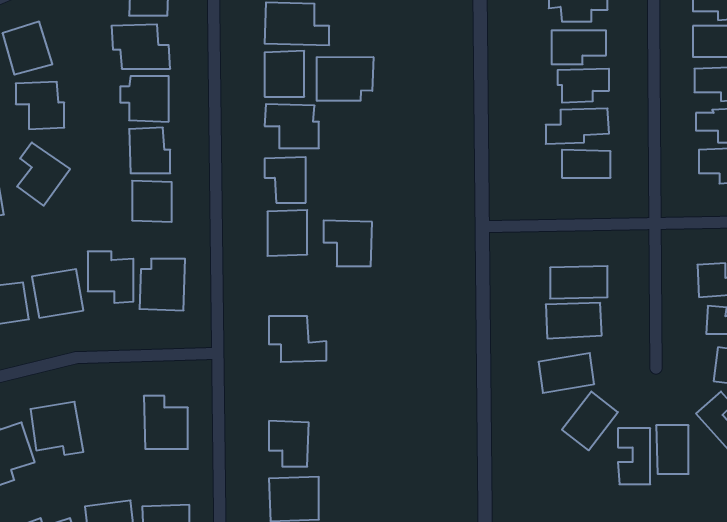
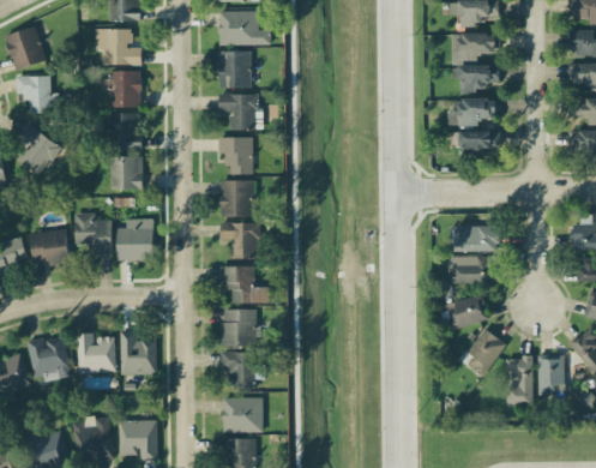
building: [317,57,373,101] -> none
building: [324,220,372,266] -> [221,222,260,259]
building: none -> [221,308,255,346]
building: none -> [77,332,115,373]

